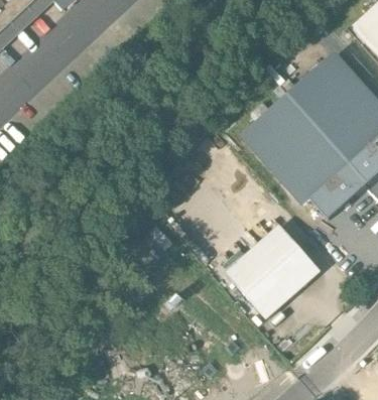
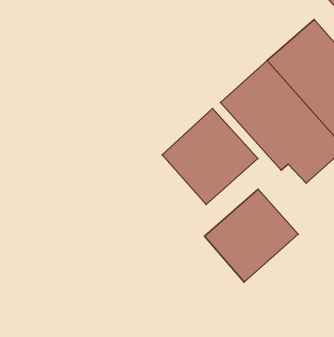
building: none -> [162,109,258,205]

